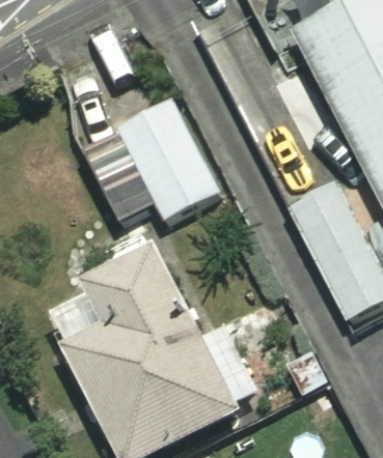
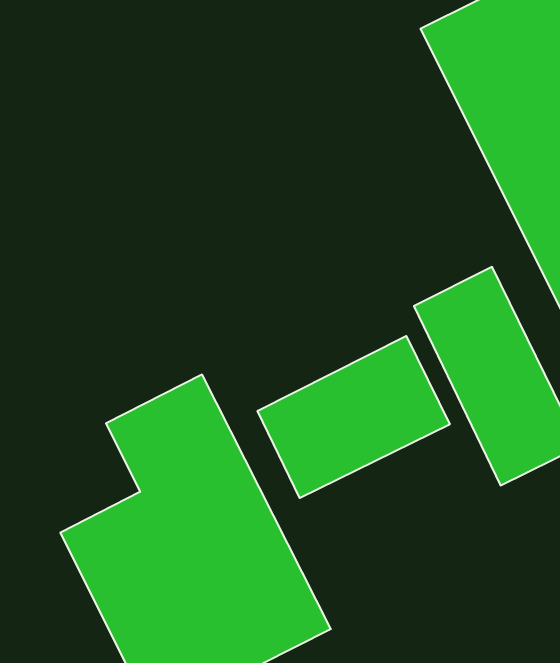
building: [81,101,219,221] -> none
building: none -> [258,336,450,498]

